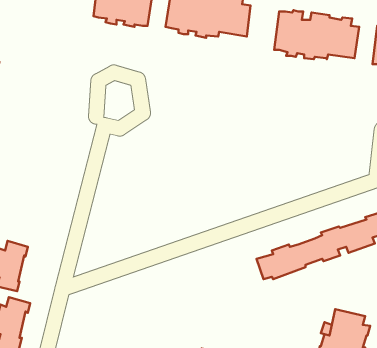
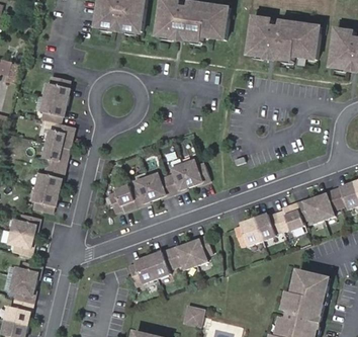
building: none -> [33,75,74,213]
building: none -> [108,161,209,212]
building: none -> [127,235,211,284]

